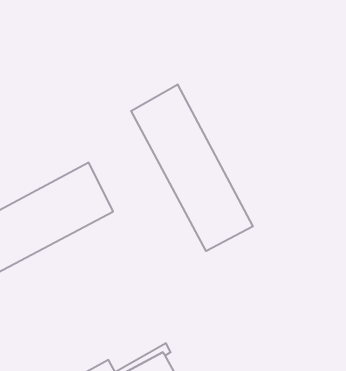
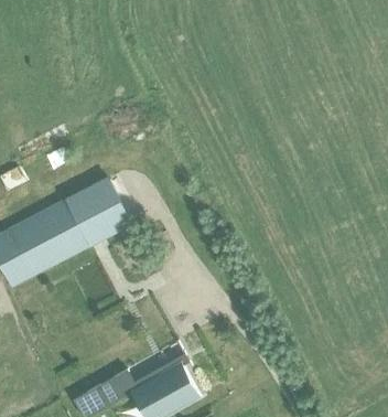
building: [131,84,253,251] -> none

